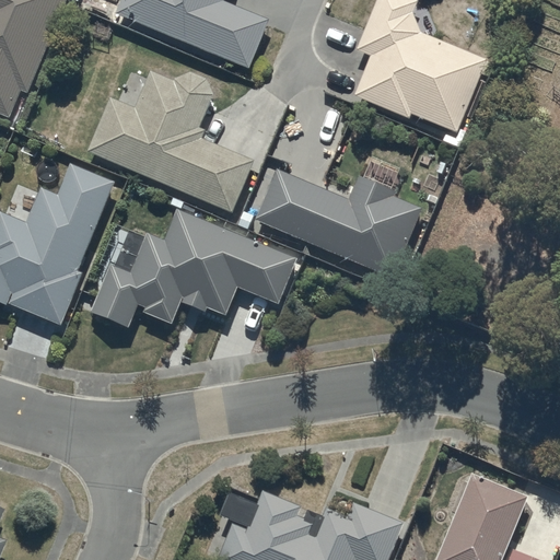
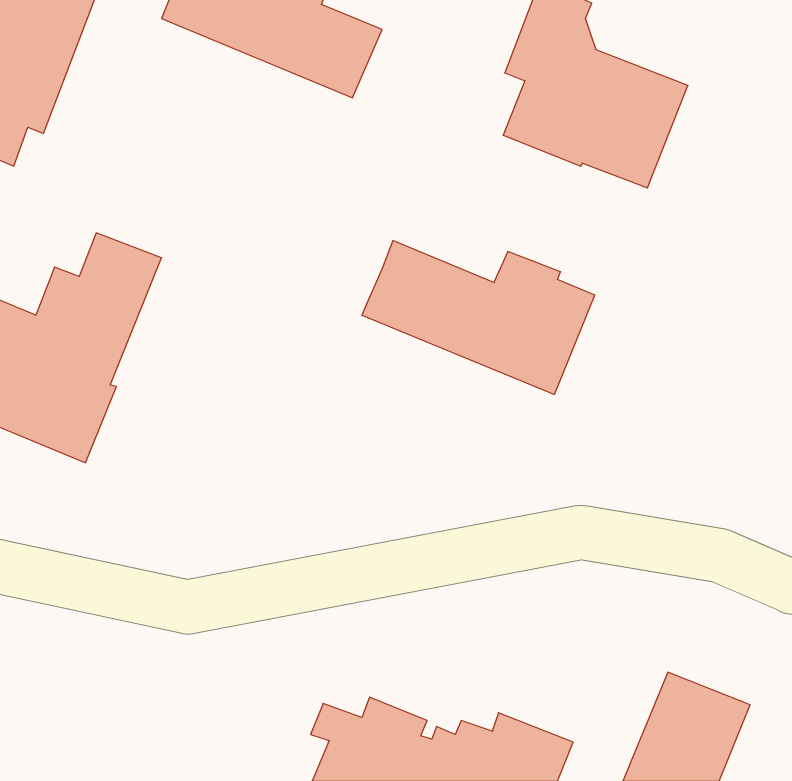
building: [86,71,255,215] -> none
building: [90,210,294,328] -> none

